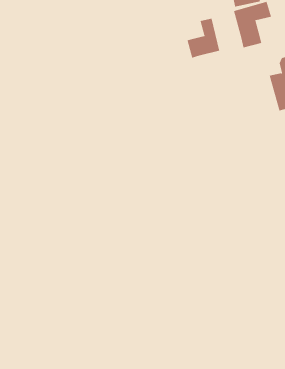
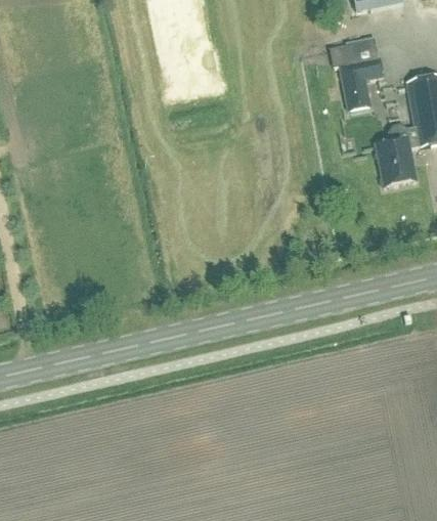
building: [187,18,220,58] -> none

